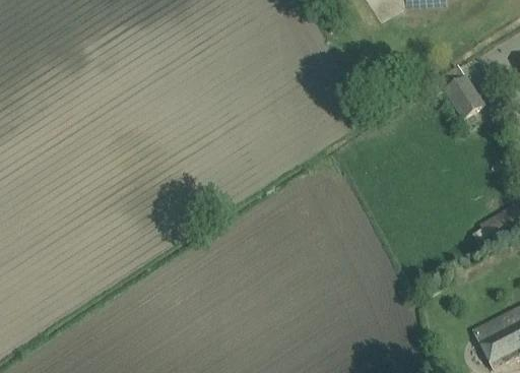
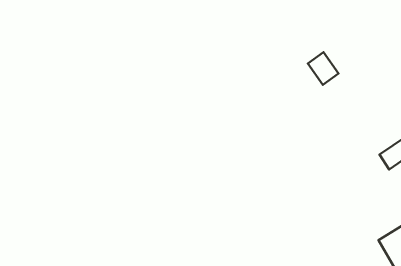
building: [445,76,482,117] -> [308,52,338,85]

